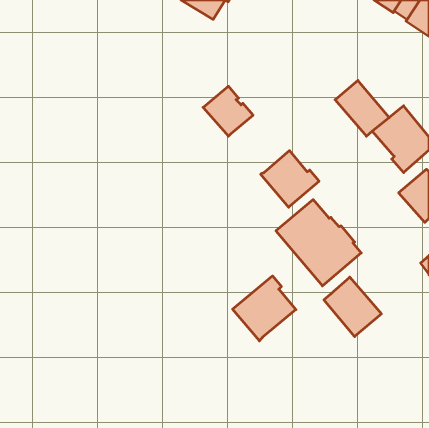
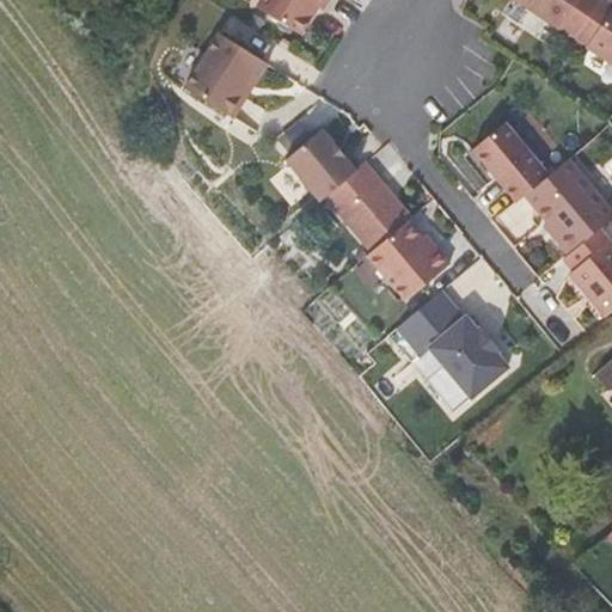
building: none -> [186,32,269,114]
building: none -> [326,161,412,250]
building: [233,276,296,341] -> none
building: [324,277,381,337] -> none

